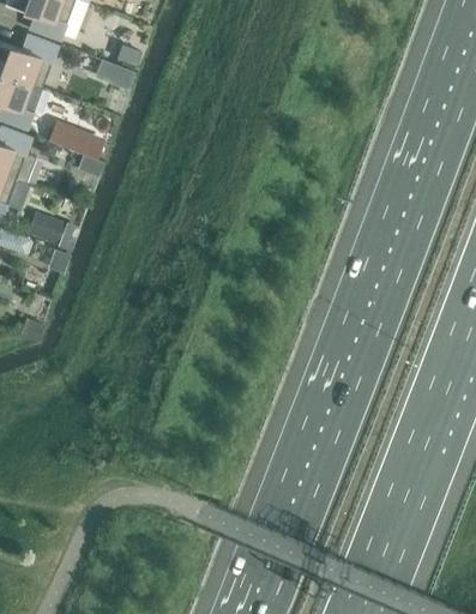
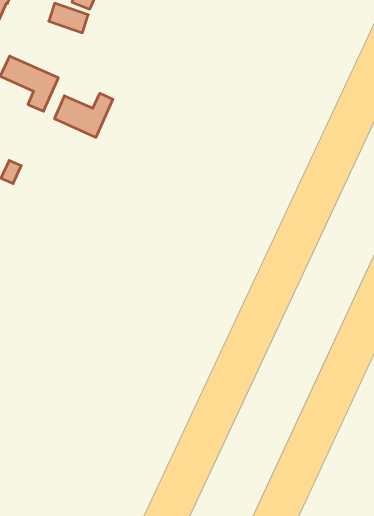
building: none -> [55,93,113,137]

